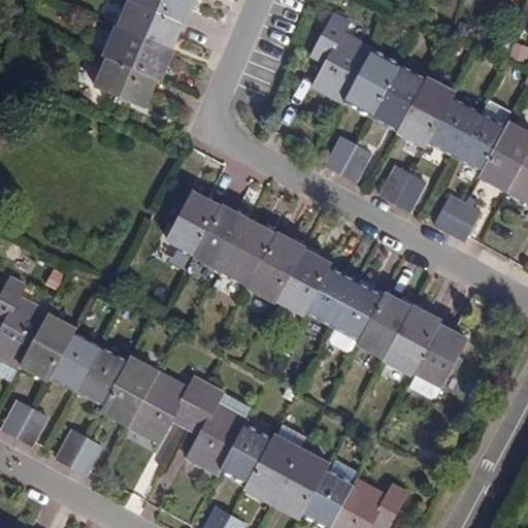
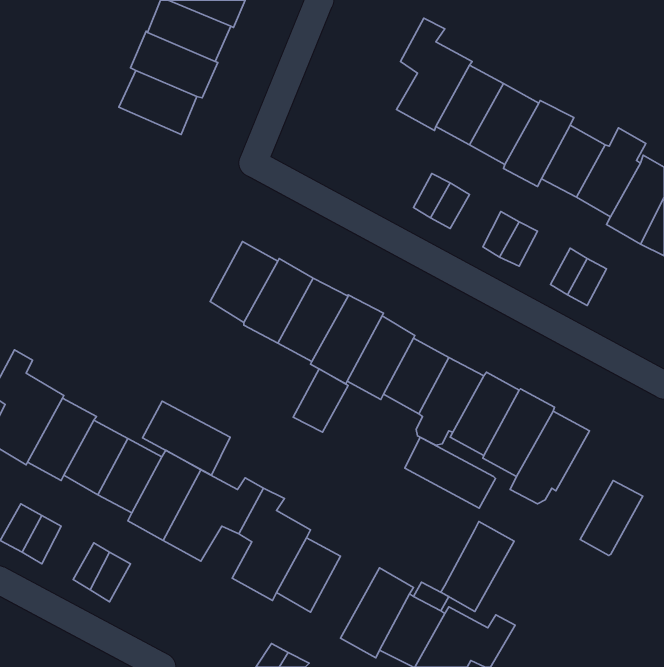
building: none -> [293,369,348,432]
building: none -> [142,401,230,475]
building: none -> [405,437,495,508]
building: none -> [580,481,643,556]
building: [242,433,300,504] -> [441,522,514,612]

